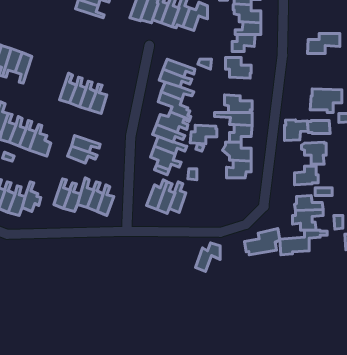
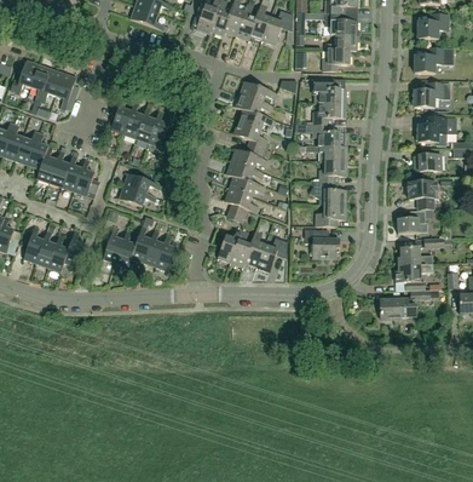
building: none -> [417,13,449,38]
building: none -> [414,84,450,107]
building: [285,120,308,141] -> none
building: [190,125,217,144] -> [312,102,345,125]
building: none -> [304,229,339,257]
building: [244,228,280,255] -> none
building: [196,243,220,271] -> [256,237,287,272]

